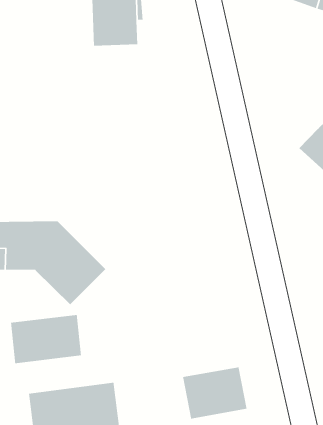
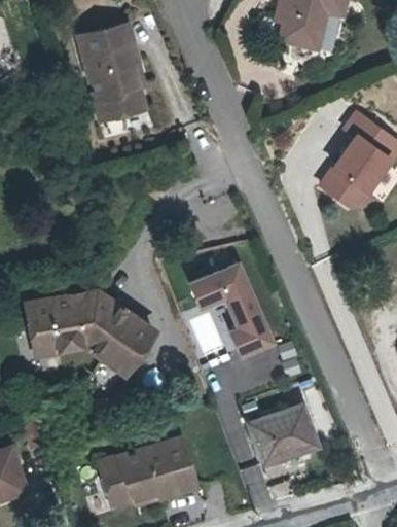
building: none -> [187,258,275,358]
building: [10,314,82,364] -> none

